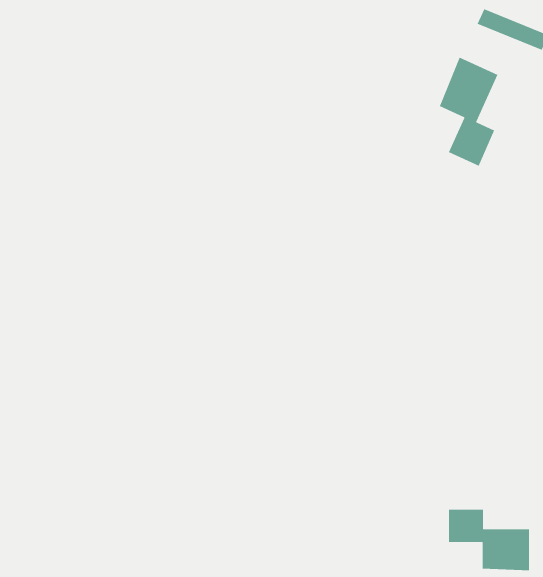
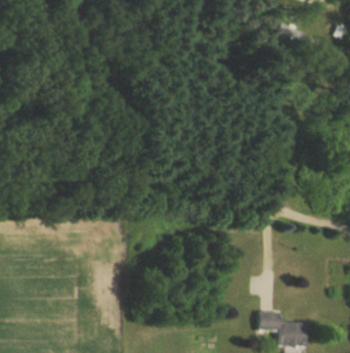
building: [439,57,498,167] -> none

